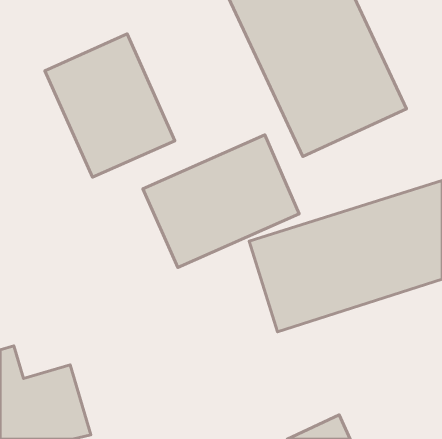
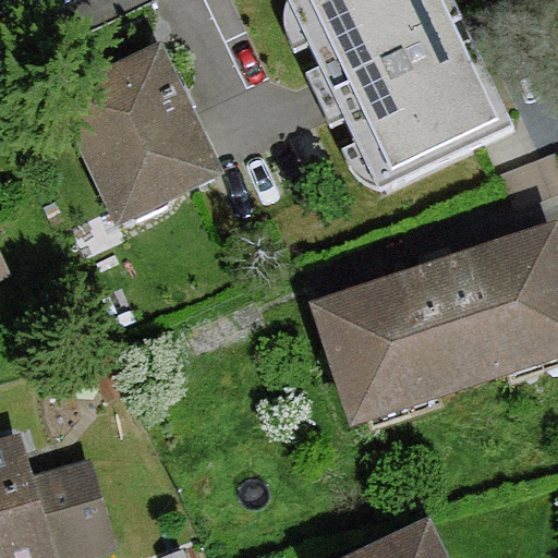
building: [143,135,299,267] -> none

